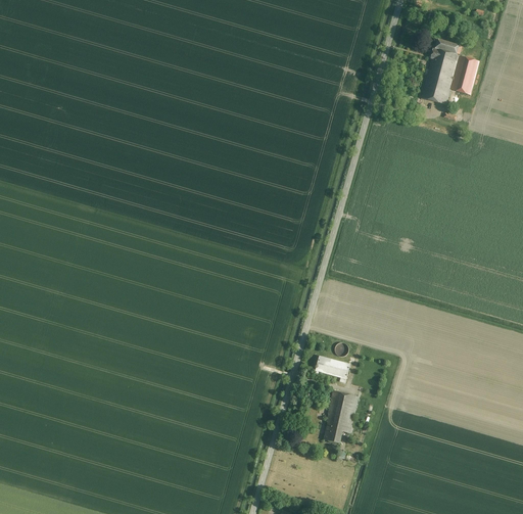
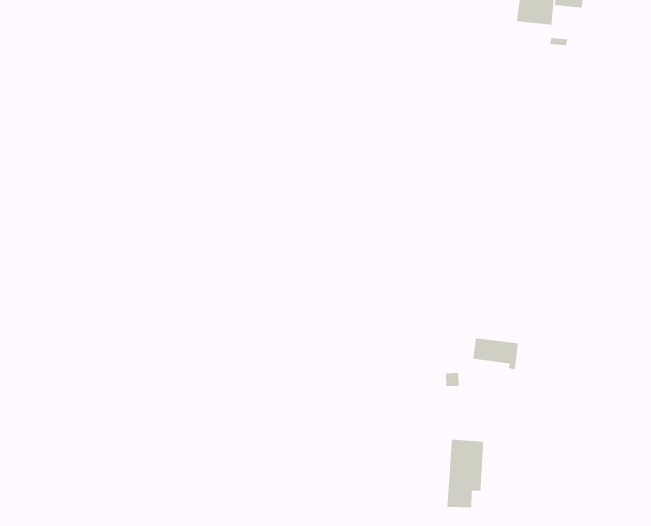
building: [315,356,349,383] -> [473,337,519,370]

